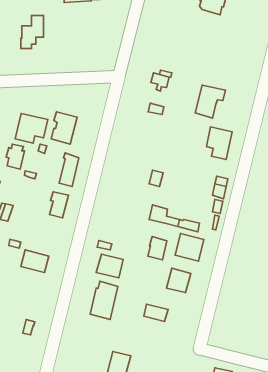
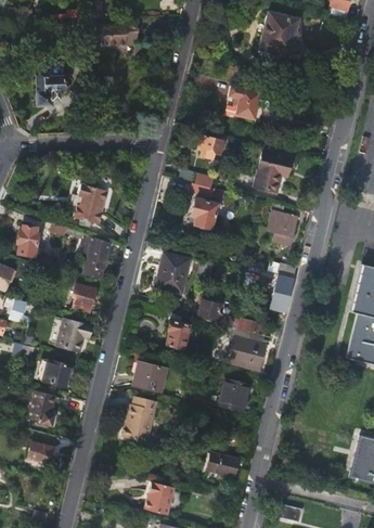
building: none -> [229,86,261,120]
building: [15,114,48,143] -> none
building: none -> [193,197,218,227]
building: none -> [158,254,189,293]
building: none -> [57,318,91,349]
building: [148,236,167,260] -> [166,318,190,347]
building: none -> [28,389,55,425]
building: [144,304,168,322] -> [207,453,237,475]

